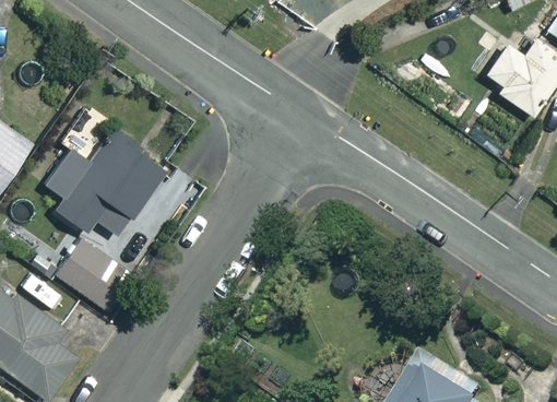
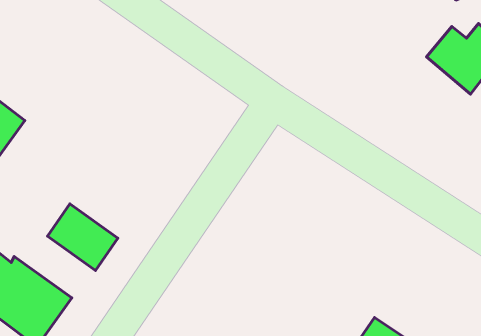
building: [45,132,165,236] -> none

